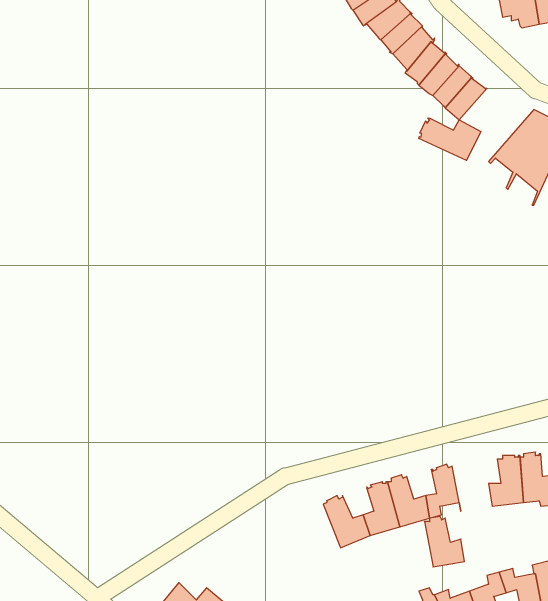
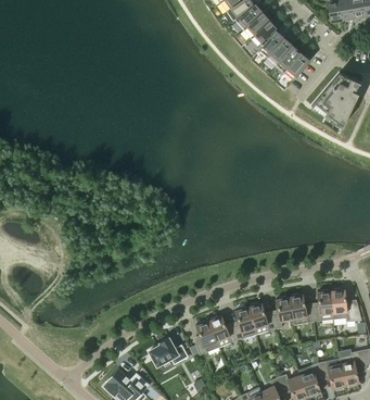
building: [419,118,481,160] -> none
building: none -> [194,321,219,355]
building: [424,516,464,567] -> [289,293,314,325]
building: none -> [149,338,188,366]

